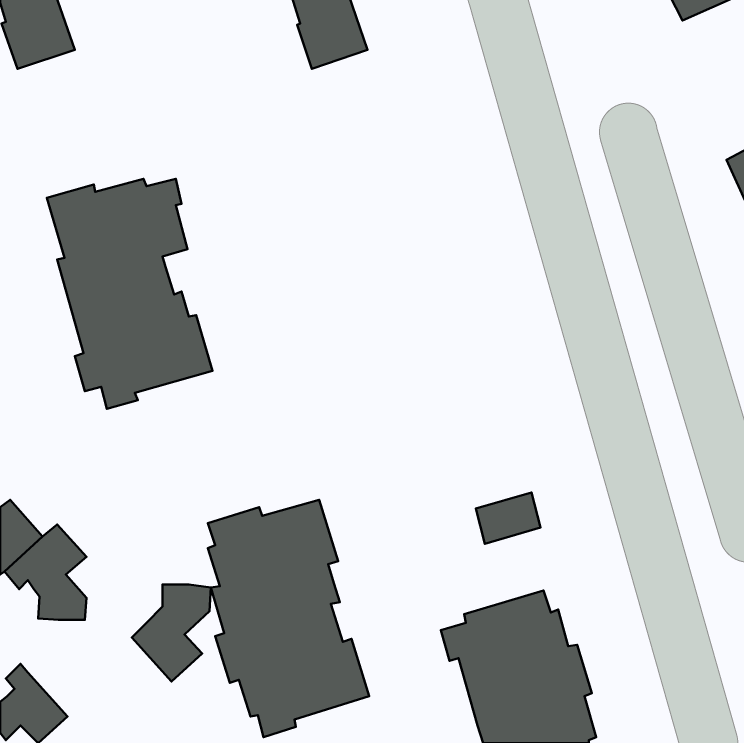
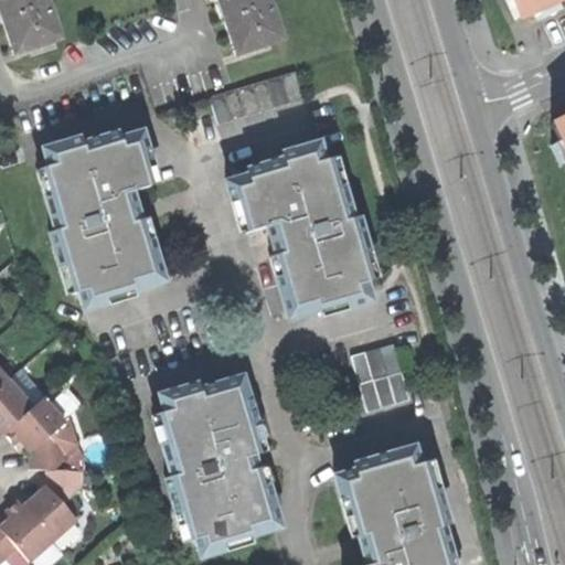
building: none -> [212,68,307,120]
building: none -> [227,143,371,317]
building: none -> [353,341,403,381]
building: [132,585,211,681] -> [24,467,84,540]

